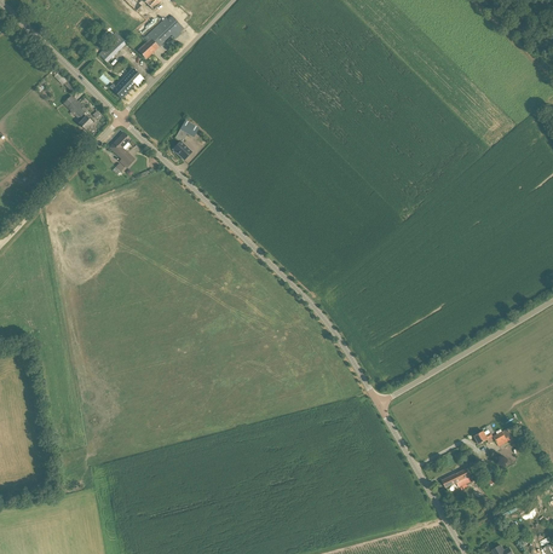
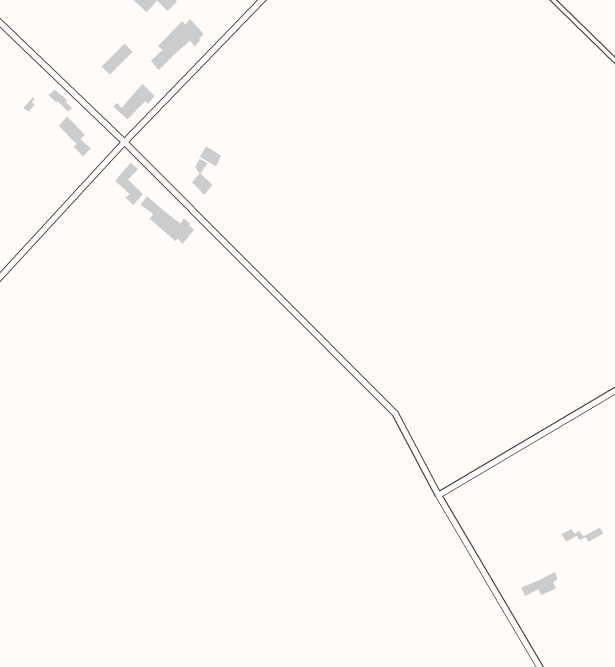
building: none -> [140,195,195,245]

